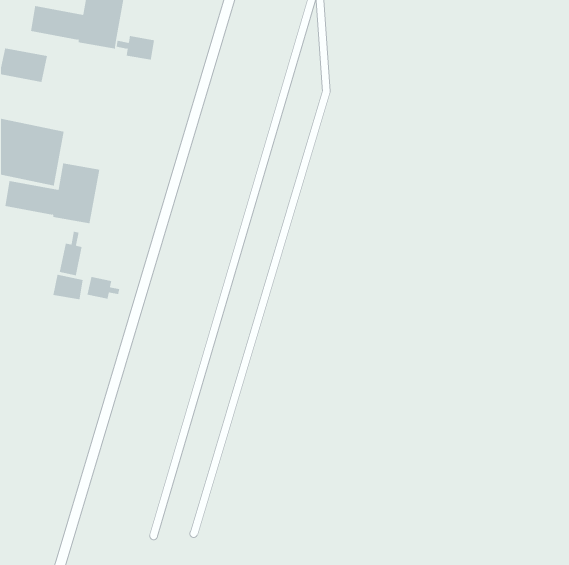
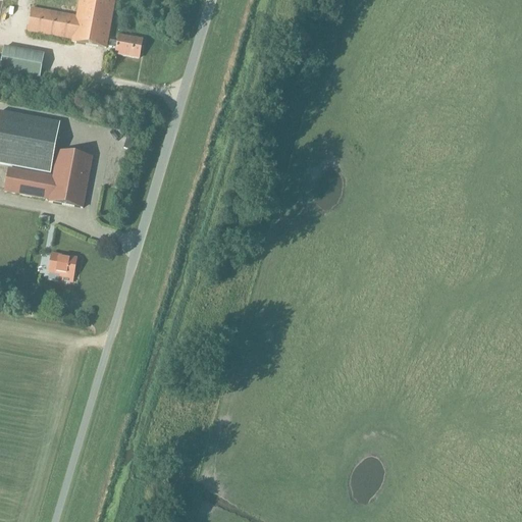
building: [59,231,82,276] -> none
building: [87,276,120,299] -> none

